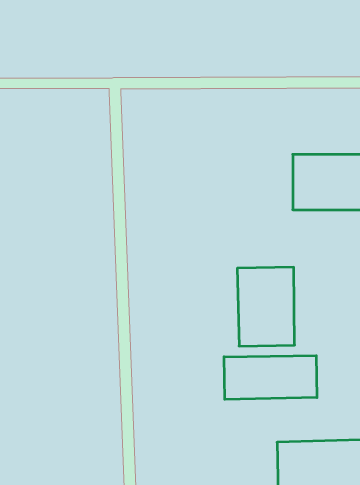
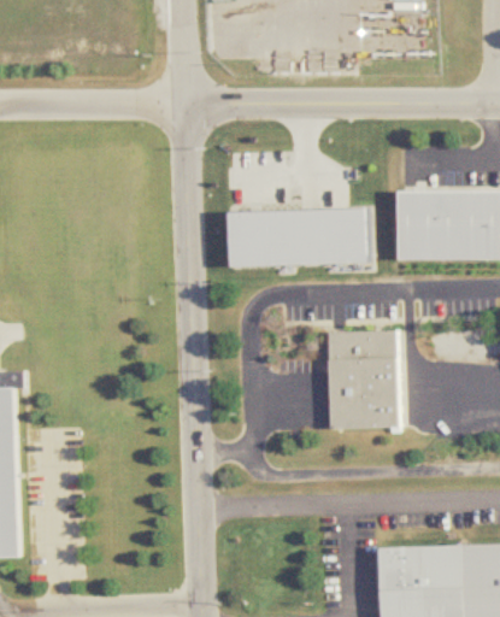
building: none -> [227,208,366,268]
building: [224,356,317,399] -> none

